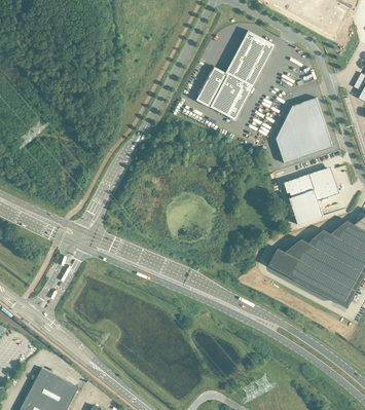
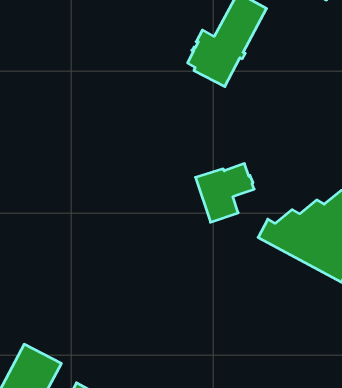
building: [275,98,332,163] -> none
building: [282,169,338,225] -> [195,164,254,222]

